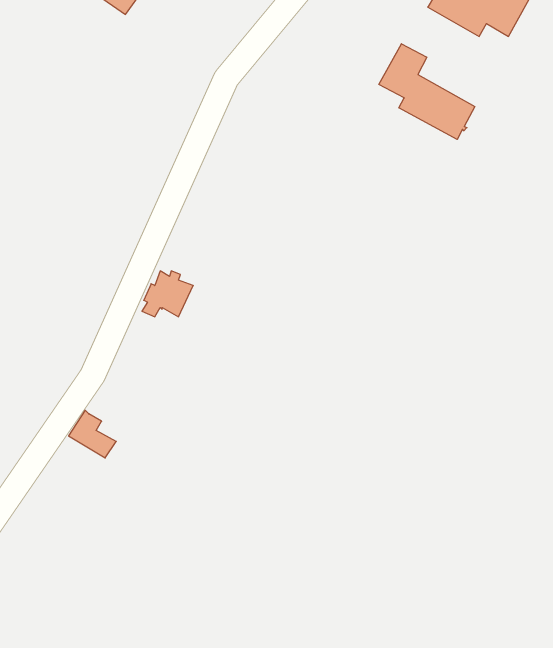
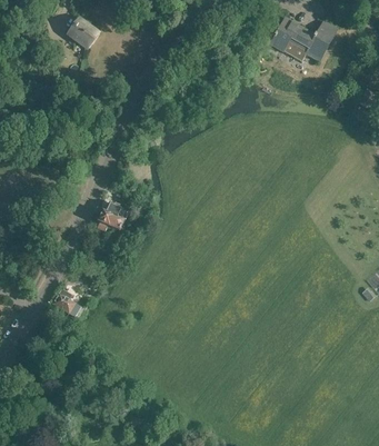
building: [379,44,475,139] -> none

